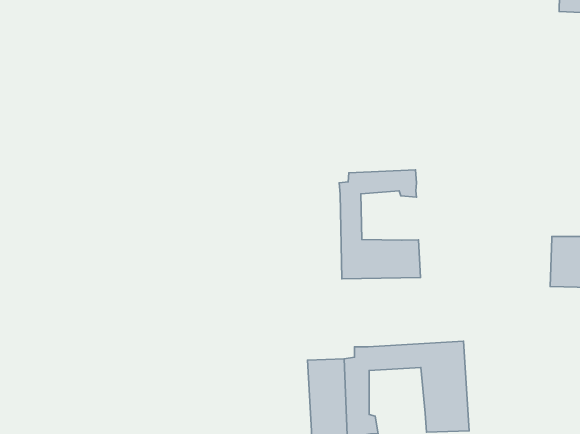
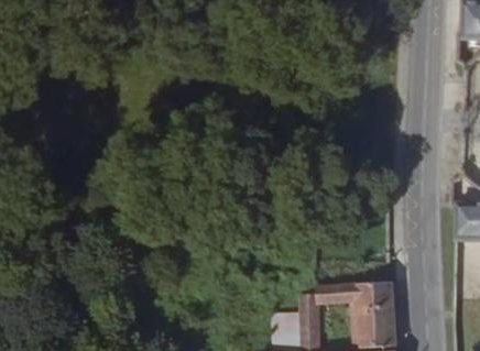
building: [339,170,420,279] -> none

